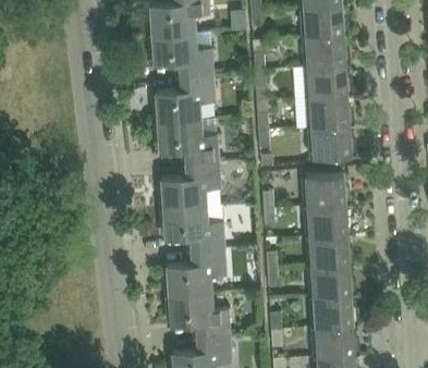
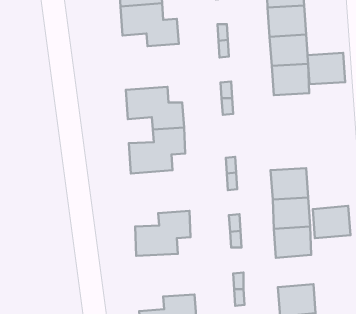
building: [155,74,213,122] -> none
building: [311,125,351,158] -> [308,53,345,84]
building: [306,173,345,206] -> none
building: [162,205,223,250] -> none
building: [168,293,229,338] -> none
building: [314,294,353,328] -> [313,206,350,238]

